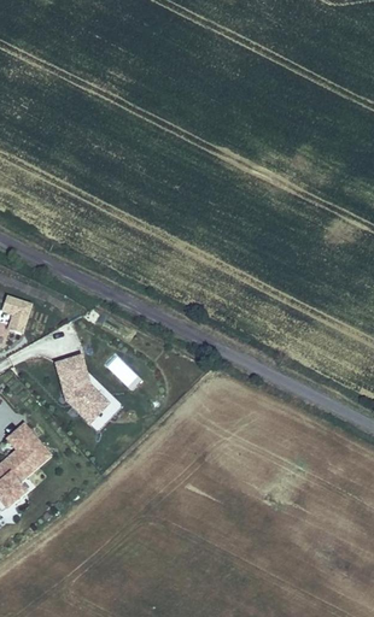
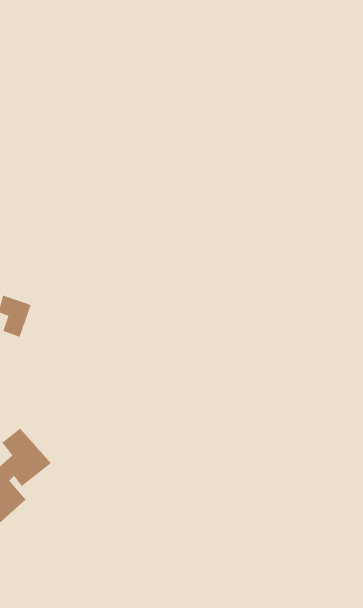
building: [54,354,110,424] -> none

